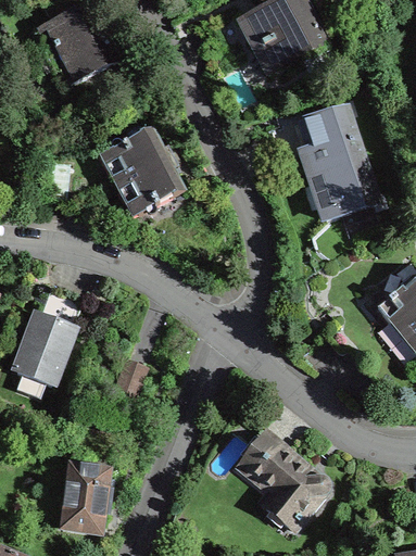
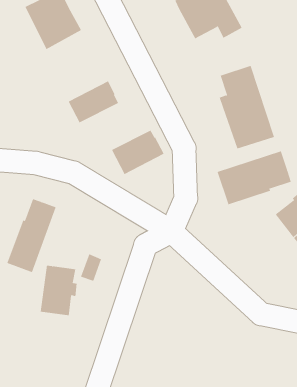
building: [115,156,187,217] -> [111,130,164,175]
building: none -> [217,150,292,205]
building: [243,432,329,528] -> none
building: [62,463,113,531] -> [40,265,78,316]

